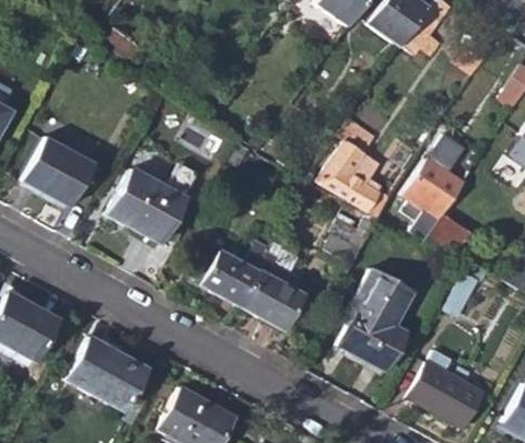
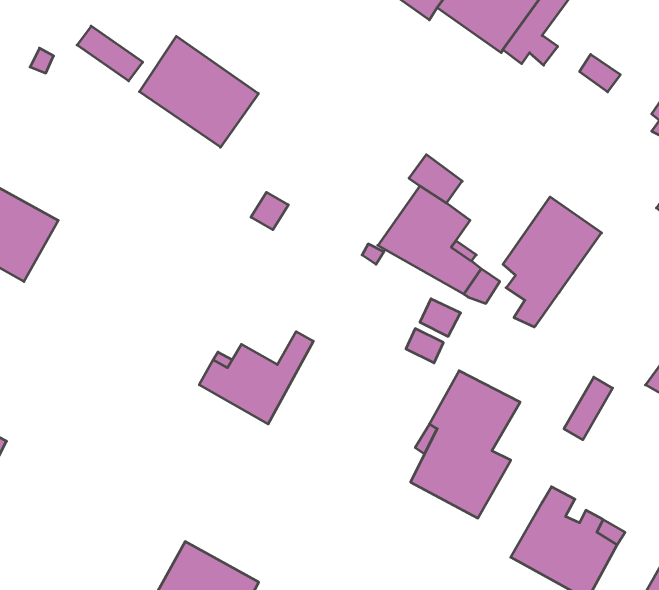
building: none -> [139,36,258,147]
building: [108,168,185,244] -> none
building: [427,214,472,253] -> none
building: [240,242,303,329] -> none
building: [66,337,147,411] -> none

